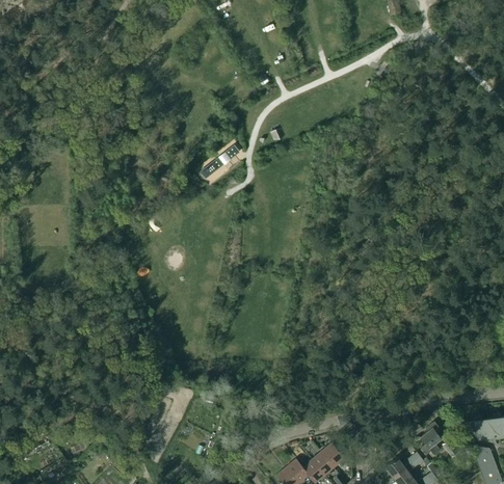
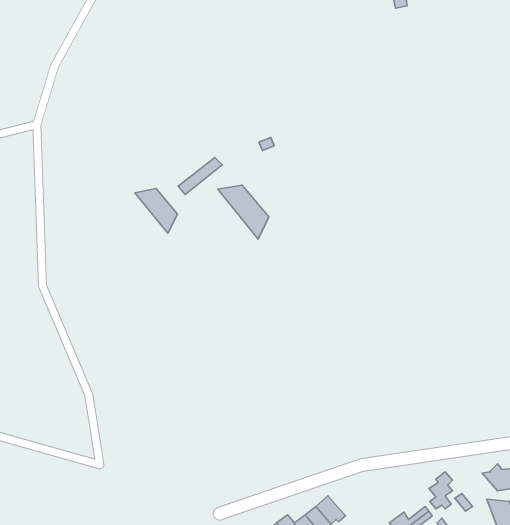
building: none -> [218,185,269,239]
building: none -> [135,188,178,233]

